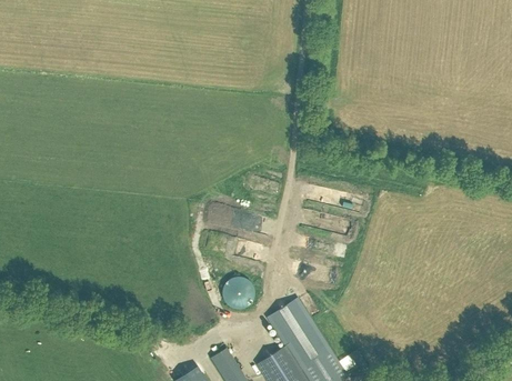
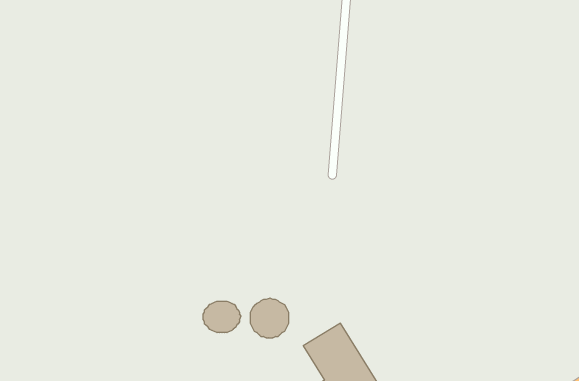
building: none -> [203,301,241,333]

